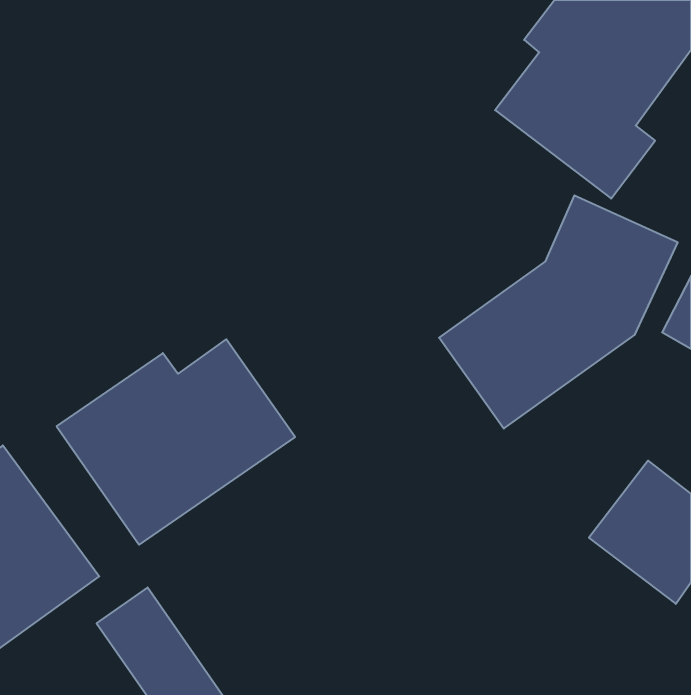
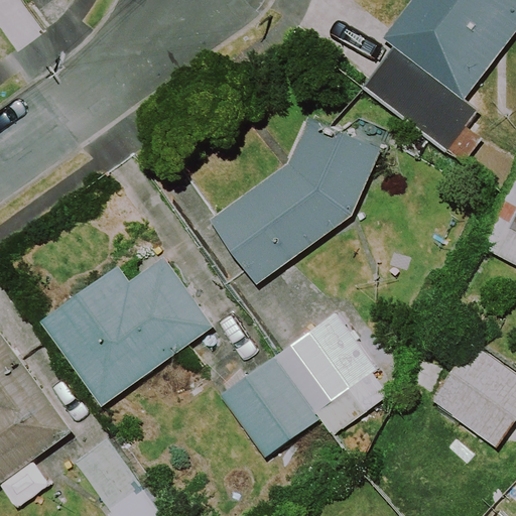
building: [439,195,678,429] -> [211,113,385,283]
building: none -> [220,314,387,458]

